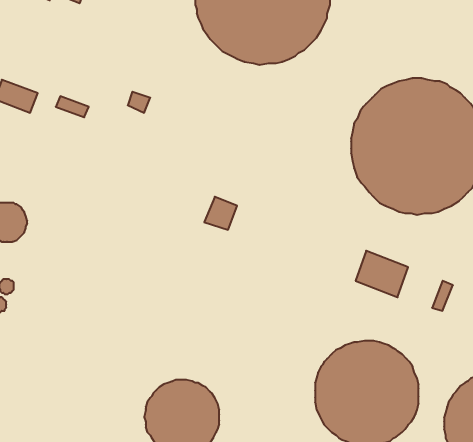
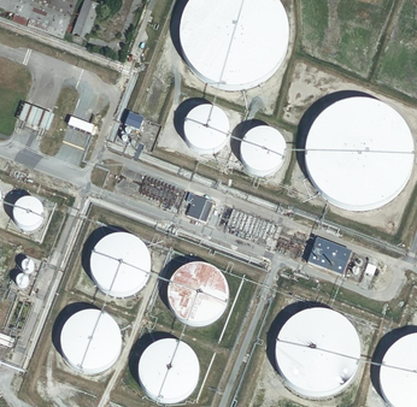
building: none -> [182,106,228,151]
building: none -> [239,126,284,172]
building: none -> [89,234,149,294]
building: none -> [166,263,227,323]
building: none -> [60,311,121,371]

